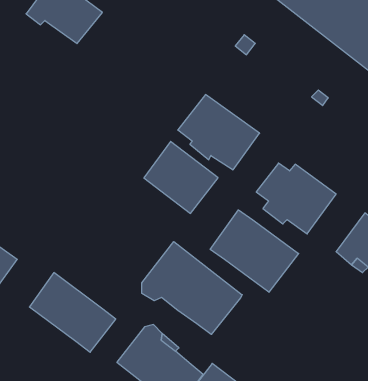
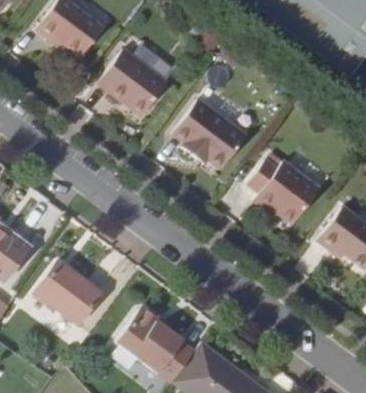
building: [144,141,218,213] -> [100,48,167,113]
building: [210,210,299,292] -> none
building: [142,242,242,334] -> none

